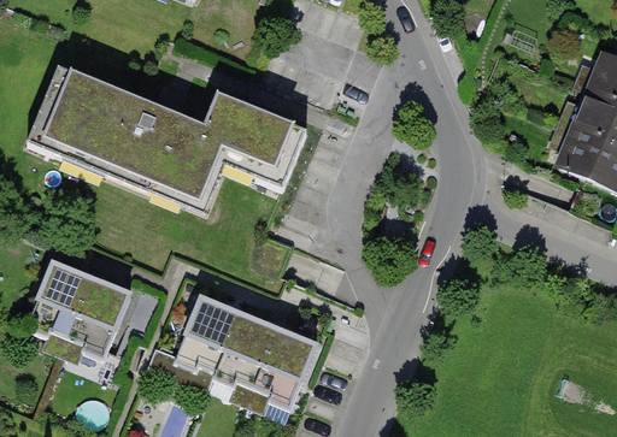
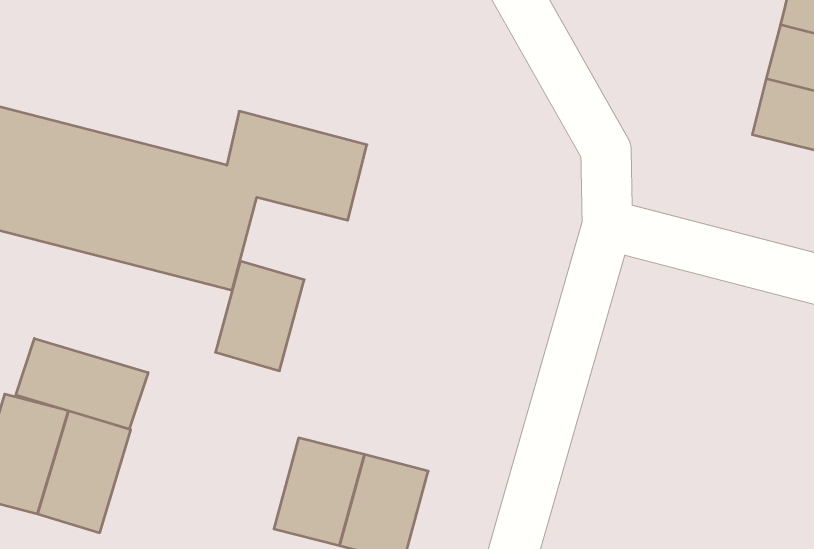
building: none -> [16,338,148,429]
building: [176,294,239,367] -> [215,261,304,371]

